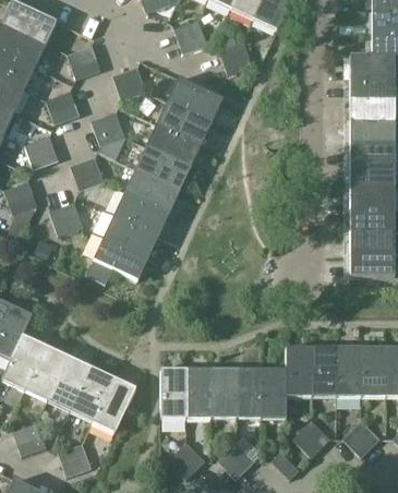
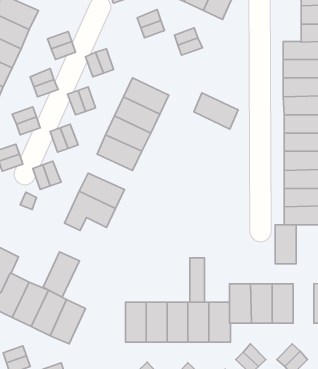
building: [169,77,222,121] -> [194,93,238,129]
building: [116,192,169,235] -> none
building: none -> [190,258,205,302]
building: [362,348,387,395] -> [275,225,296,264]
building: [93,377,136,432] -> [43,252,79,297]

